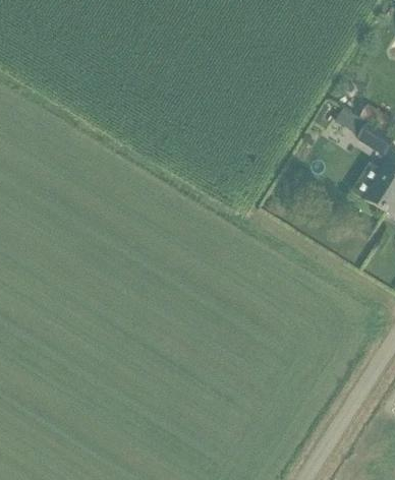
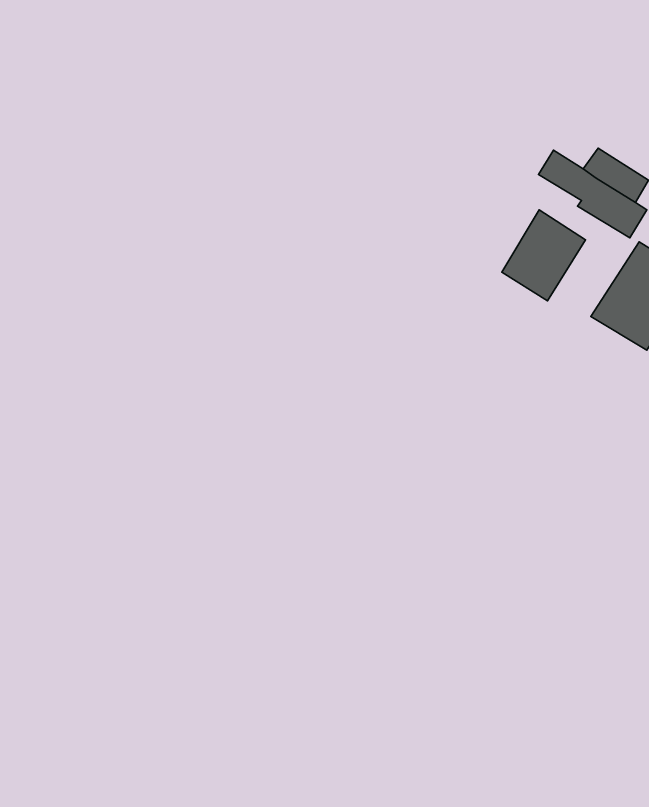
building: none -> [502,210,585,301]

